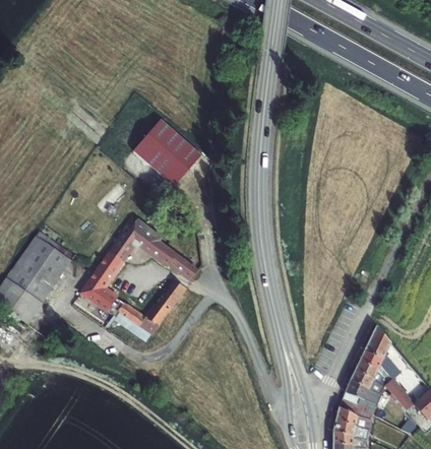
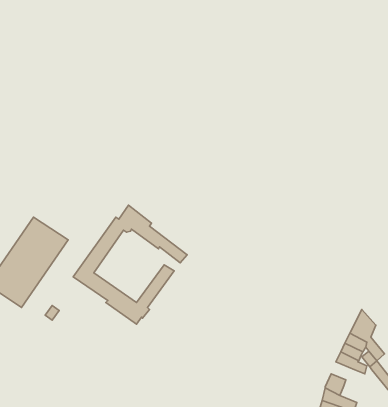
building: [133,119,203,186] -> none
building: [345,380,377,410] -> none

